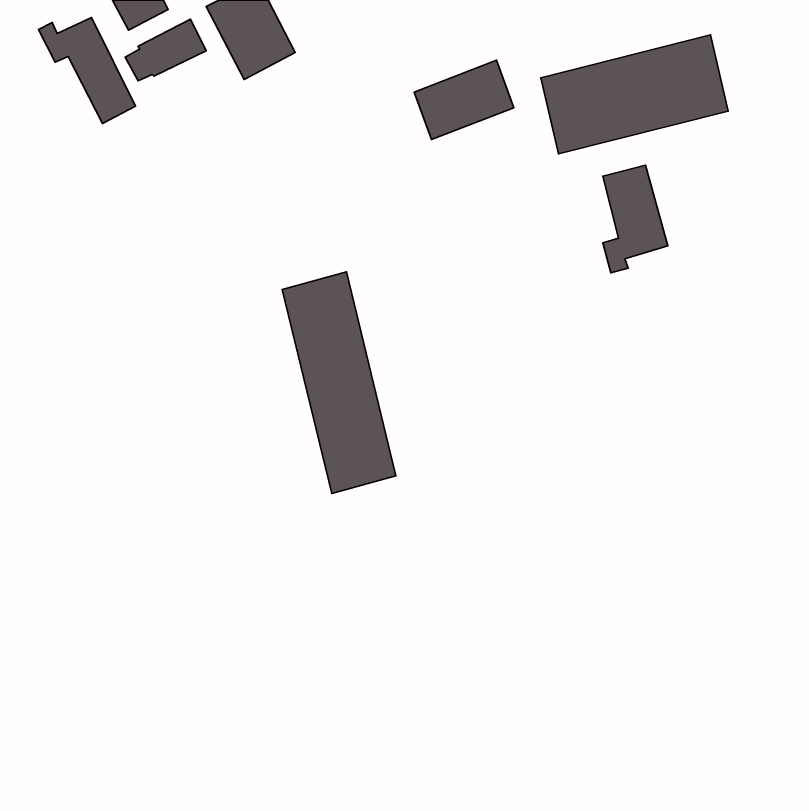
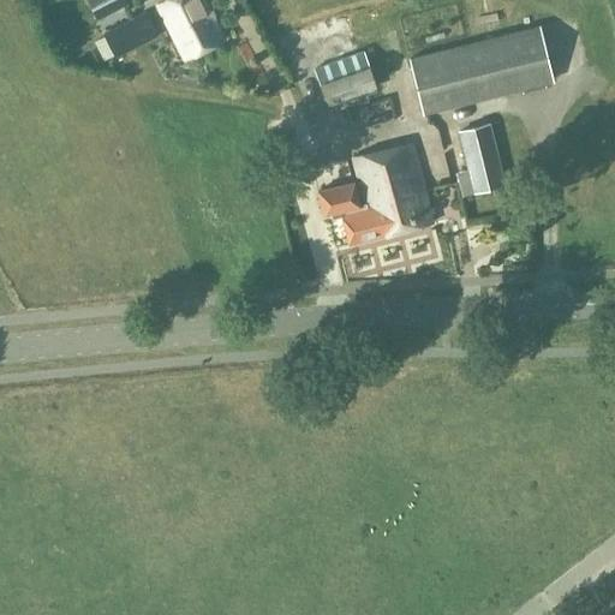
building: [39,18,136,124] -> none
building: none -> [312,144,432,245]
building: [282,272,396,494] -> none

